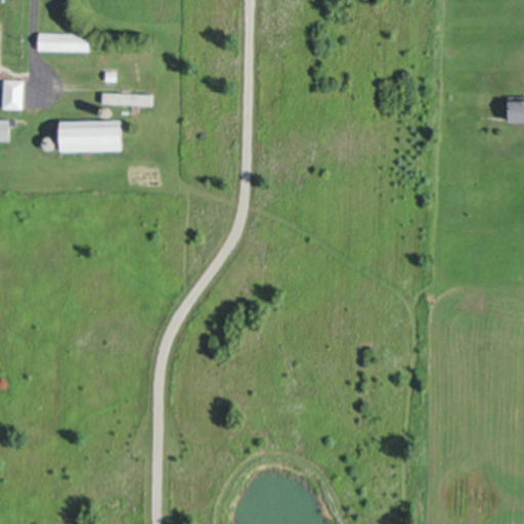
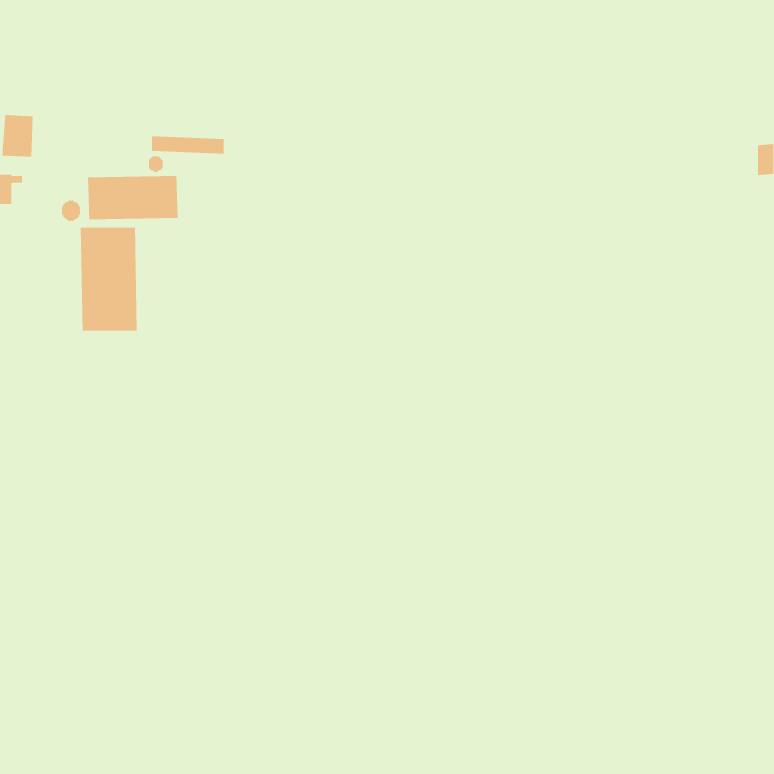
building: [37,35,88,52] -> none
building: none -> [80,227,137,331]

